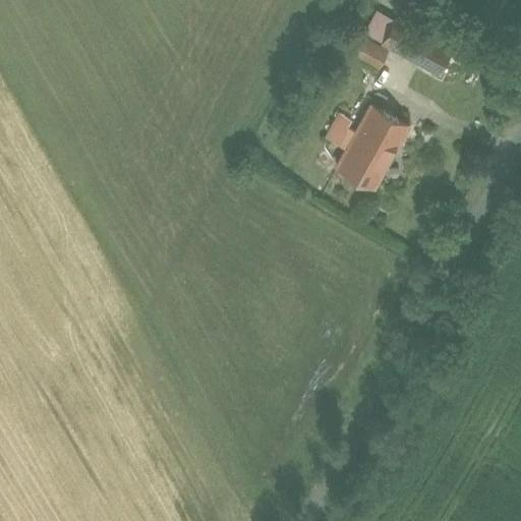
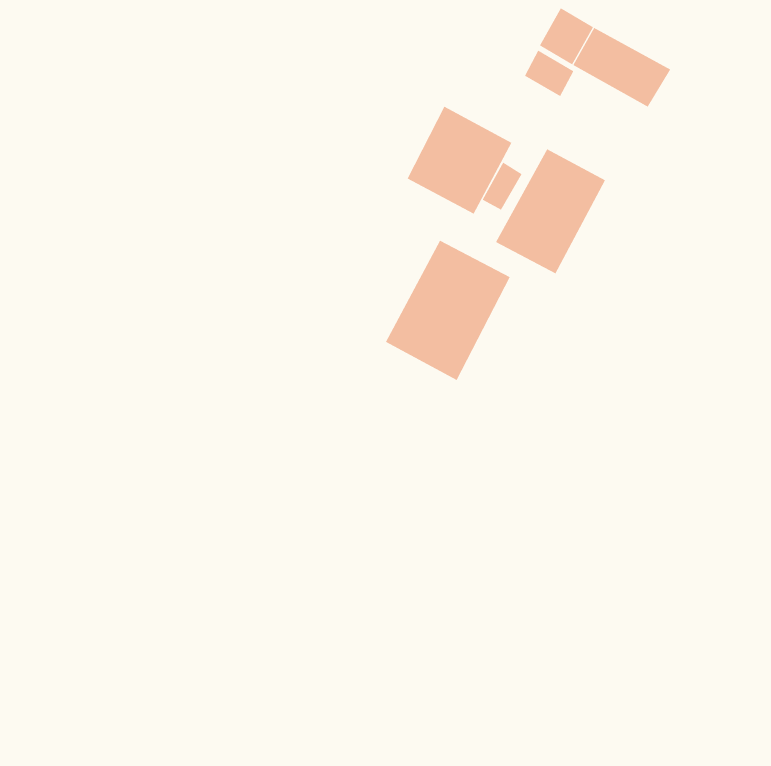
building: none -> [407,106,512,214]
building: none -> [385,240,510,381]

